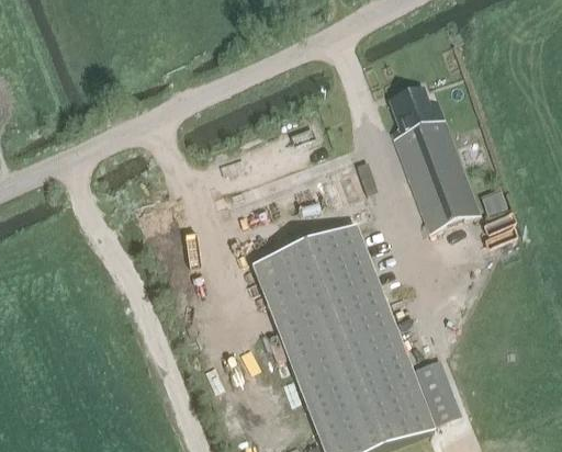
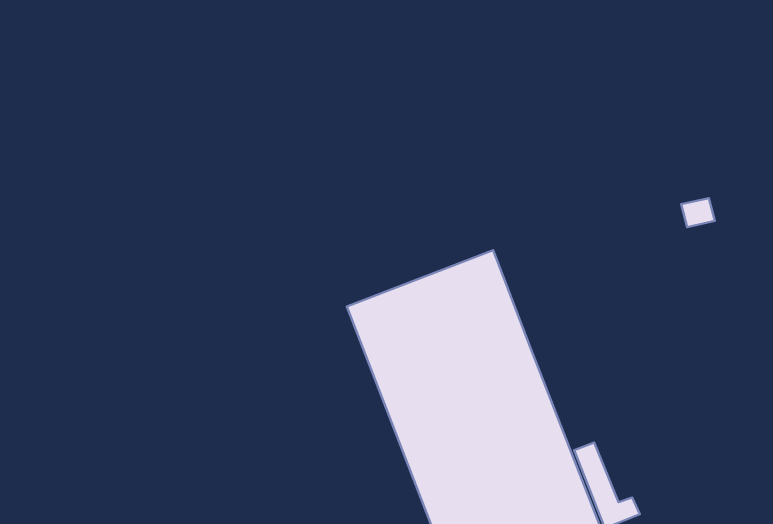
building: [387,83,480,229] -> none

